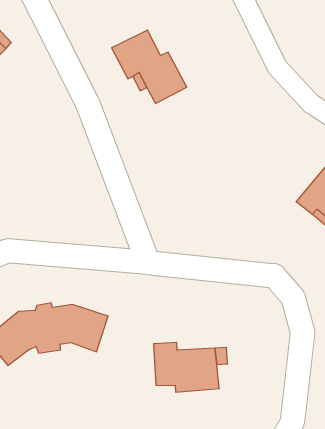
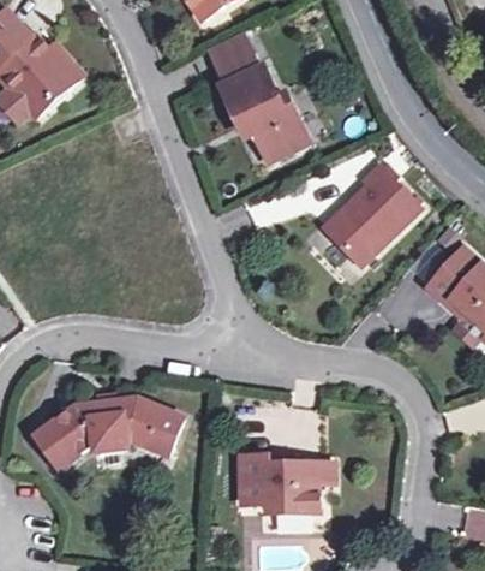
building: none -> [202,30,256,79]
building: none -> [324,162,420,263]

